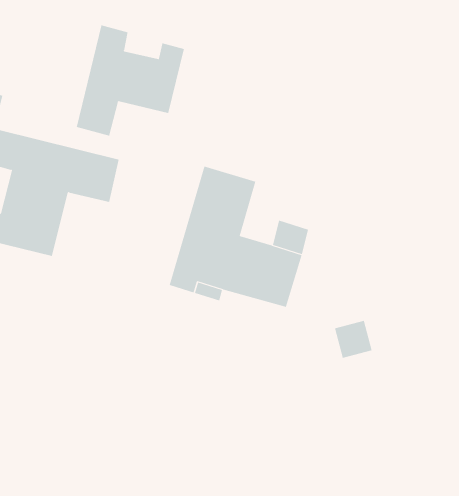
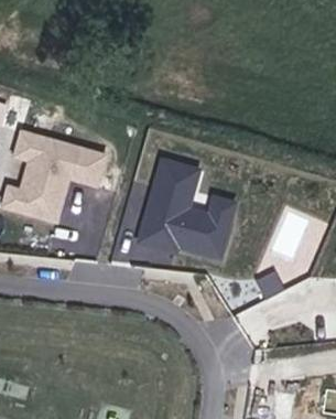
building: [76,24,185,136] -> none

